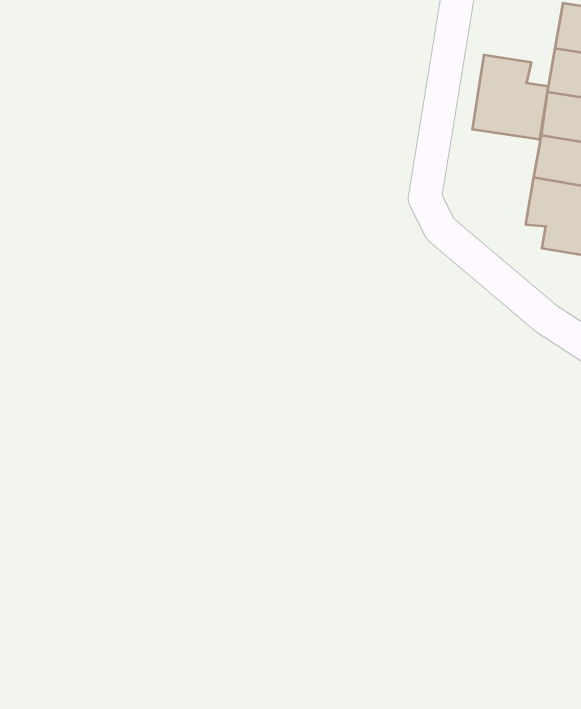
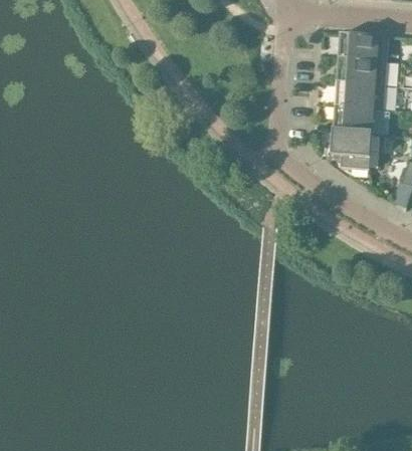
building: [472,55,548,140] -> none

